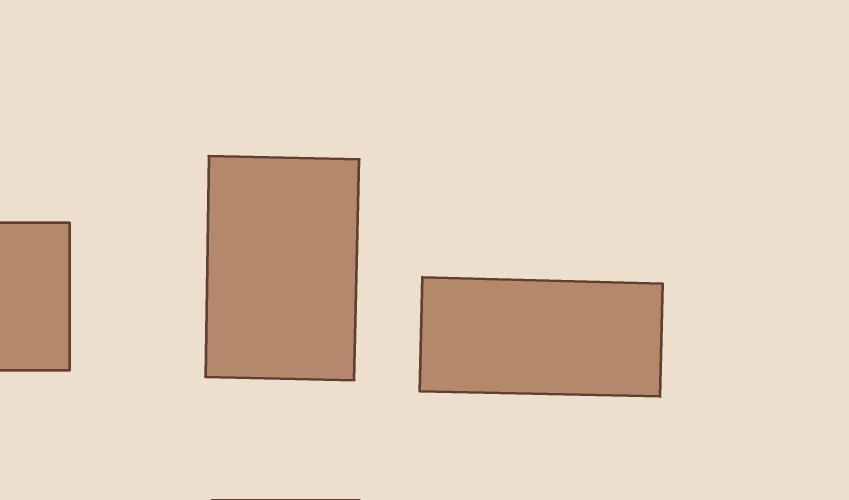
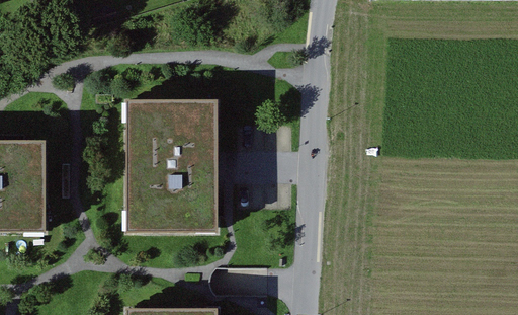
building: [420,277,662,397] -> none

